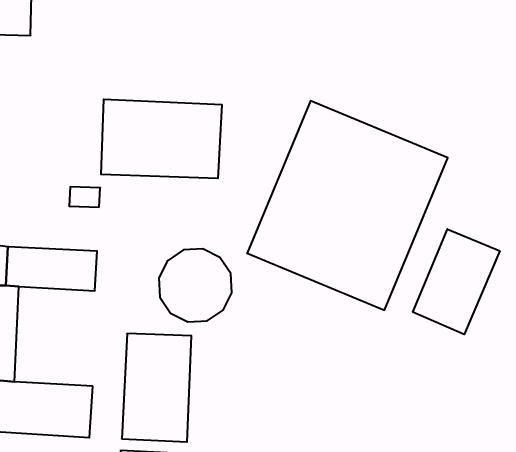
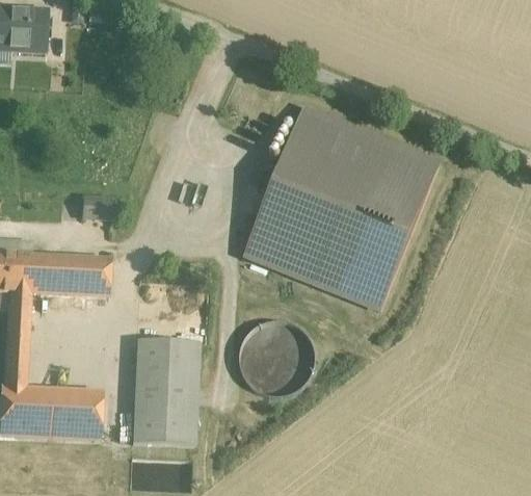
building: [101,99,222,178] -> none
building: [413,229,500,334] -> none
building: [159,249,232,322] -> [242,325,313,396]

